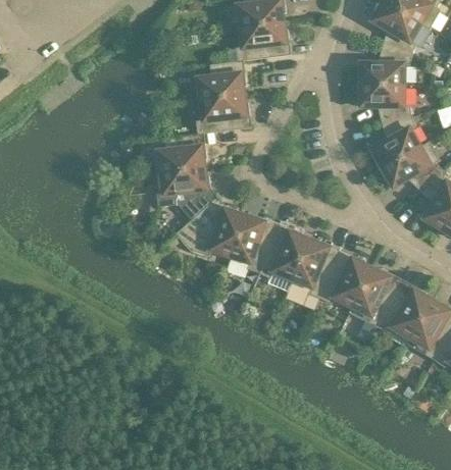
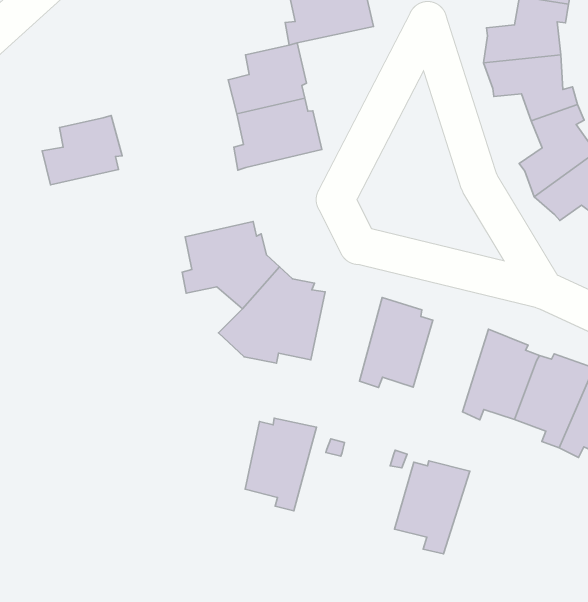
building: [158,135,207,173] -> [42,115,122,185]
building: [231,215,279,273] -> [245,418,316,511]
building: [292,241,342,299] -> [394,461,470,554]

